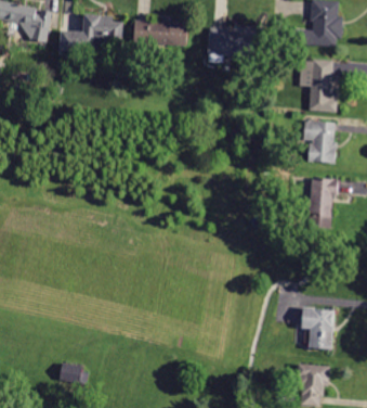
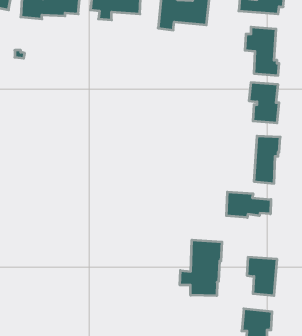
building: none -> [226,192,271,218]
building: none -> [180,240,222,296]
building: [58,364,88,385] -> none

